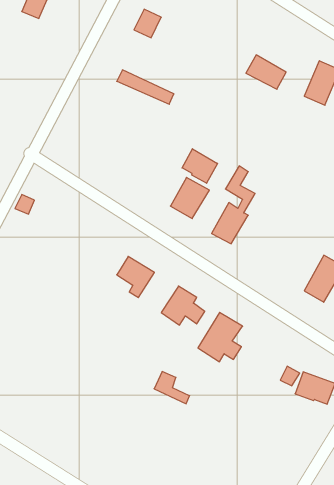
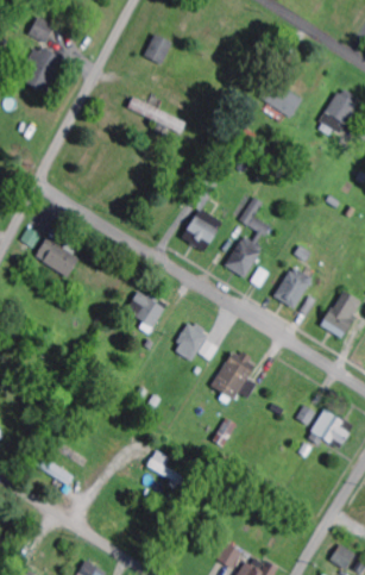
building: none -> [19,45,63,93]
building: [182,149,218,183] -> none
building: none -> [34,238,78,275]
building: none -> [275,265,311,308]
building: [154,372,190,404] -> [146,450,183,483]

